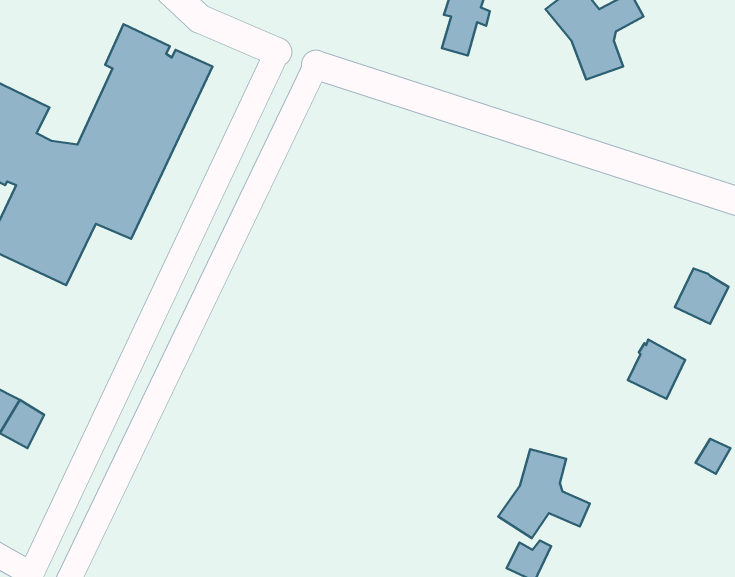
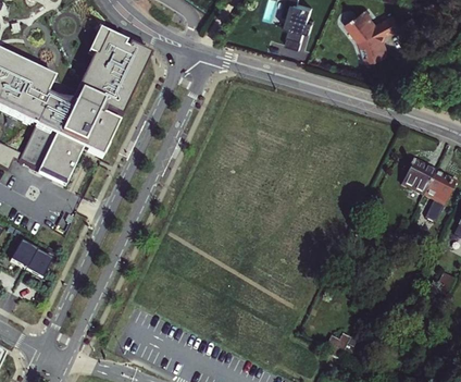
building: [628,339,685,399] -> [399,161,433,196]
building: [498,449,590,538] -> none

